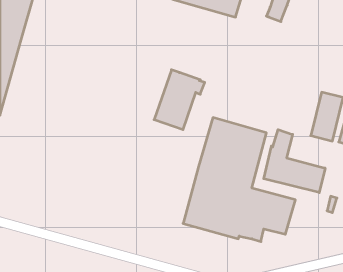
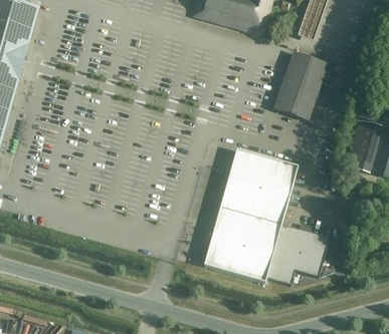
building: [154,70,205,130] -> [275,52,332,118]
building: [264,130,325,193] -> none

